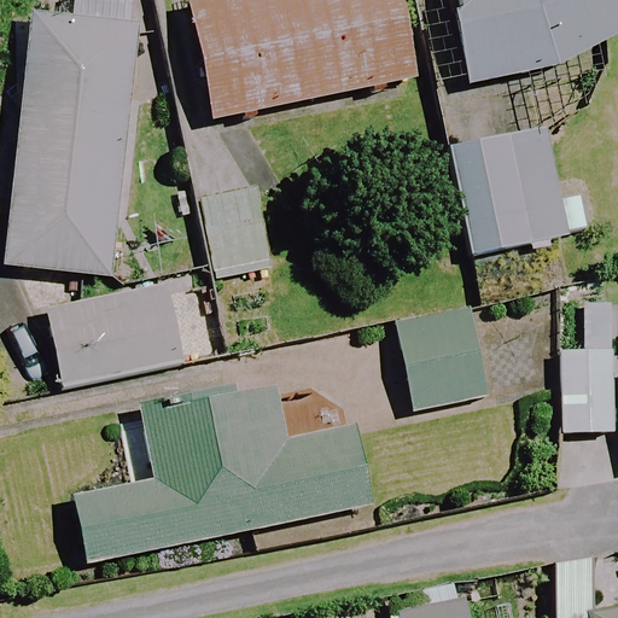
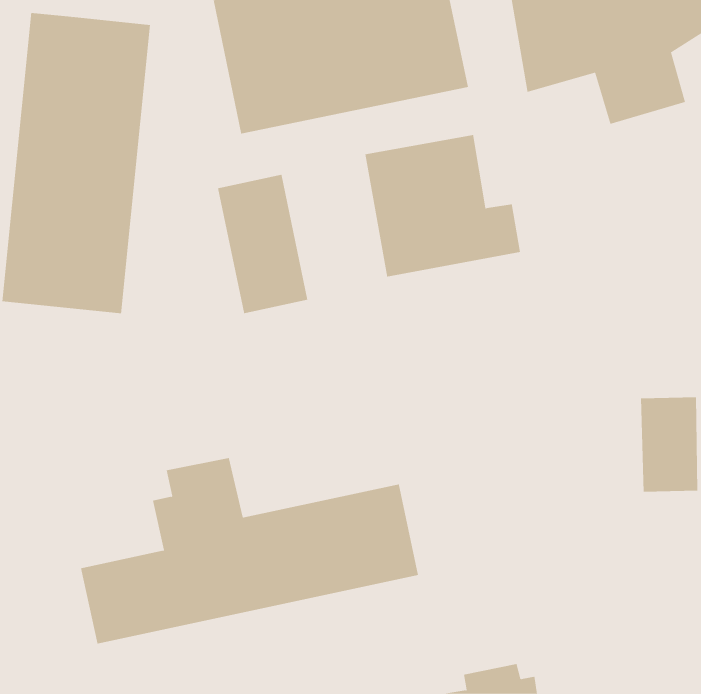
building: [454,128,590,252] -> [364,135,521,277]
building: [48,285,181,385] -> none
building: [400,310,485,409] -> none

